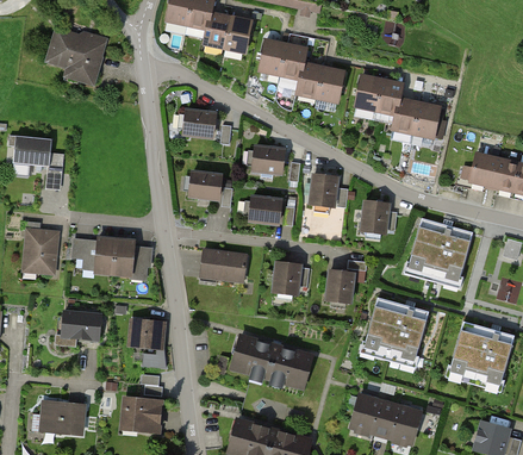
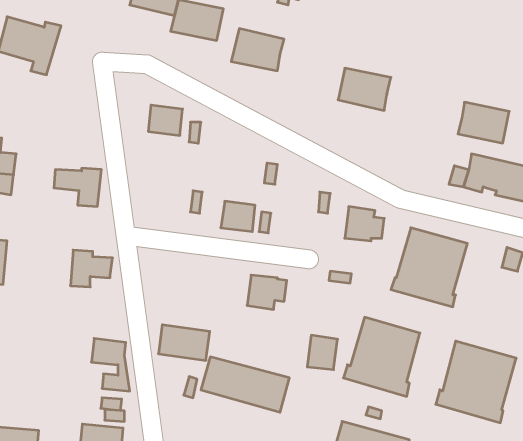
building: [297,62,344,100] -> none
building: [393,99,440,136] -> [458,102,509,143]
building: [253,145,284,173] -> none
building: [189,170,220,198] -> none
building: [309,174,337,205] -> none
building: [73,237,116,272] -> [54,168,101,206]
building: [200,248,247,280] -> [158,325,210,360]
building: [326,269,354,300] -> [307,335,338,370]
building: [55,310,100,344] -> none

